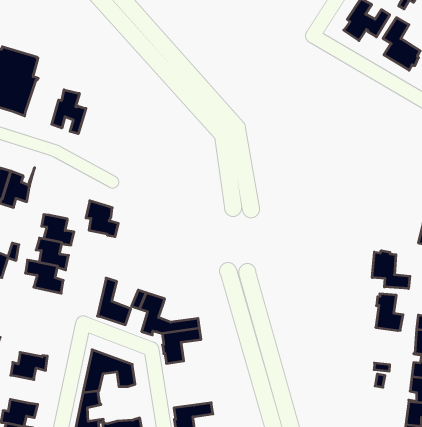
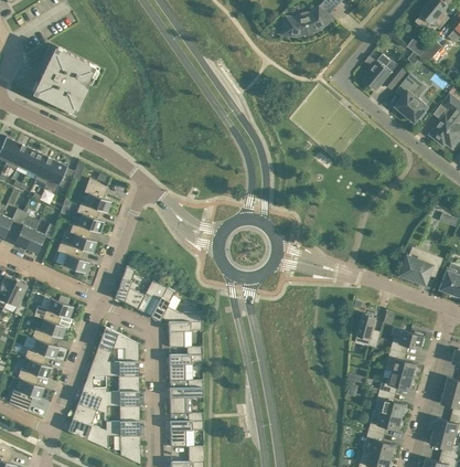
building: [52,90,86,134] -> none
building: [86,201,118,237] -> [83,178,110,212]
building: [372,251,410,289] -> none
building: none -> [36,299,77,326]
building: none -> [167,353,202,380]
building: none -> [24,339,58,364]
building: none -> [105,361,138,392]

